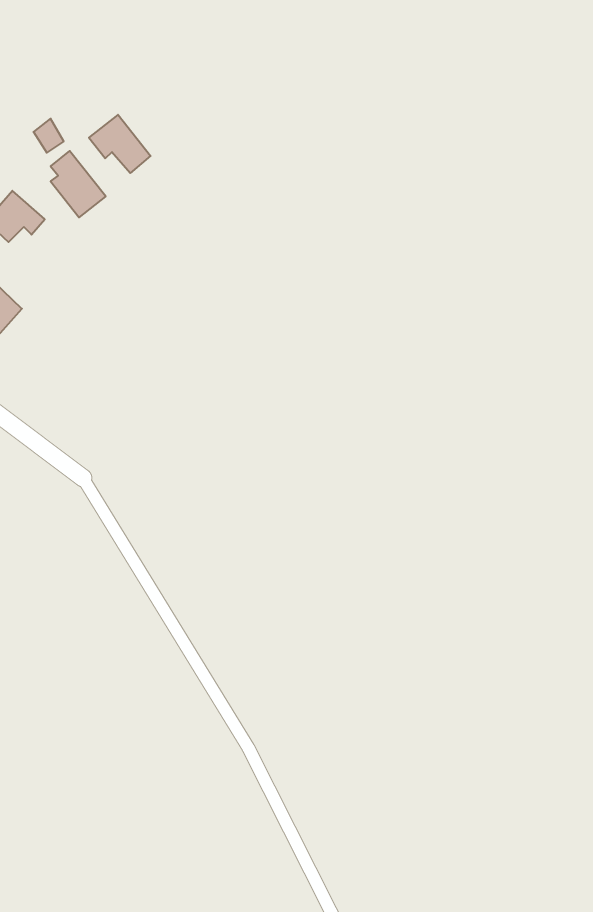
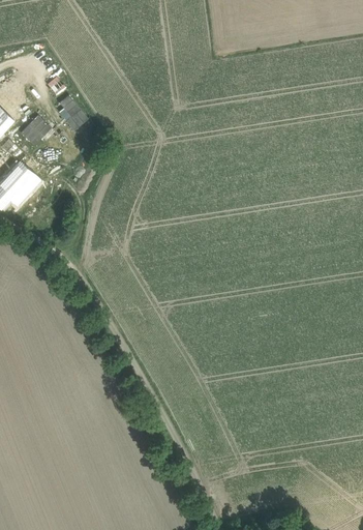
building: [89,115,151,173] -> none

